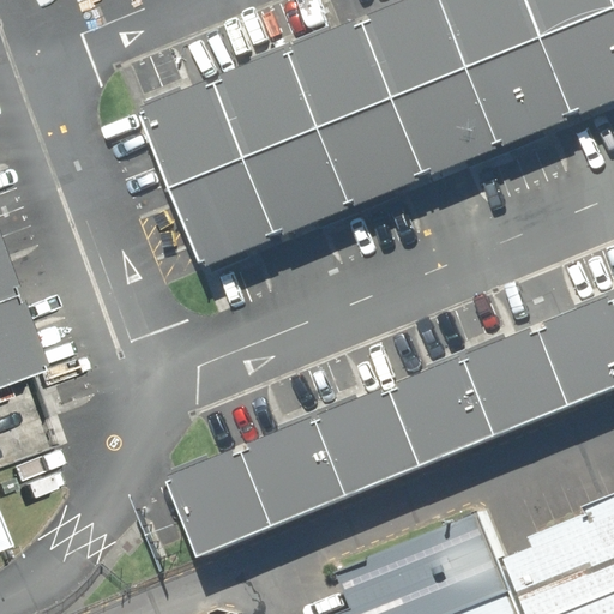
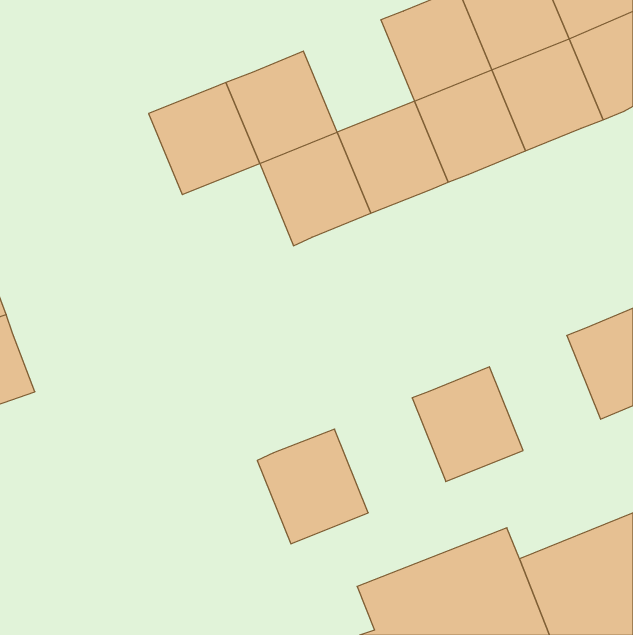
building: [291,19,398,127] -> none
building: [175,157,282,266] -> none
building: [470,323,577,433] -> none
building: [321,383,428,493] -> none
building: [171,443,279,553] -> none

